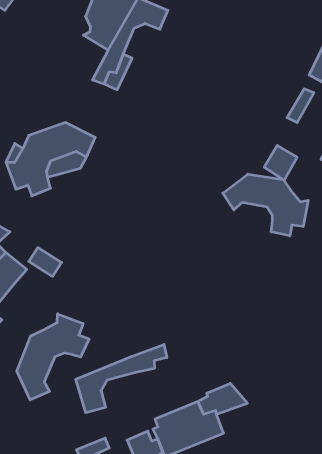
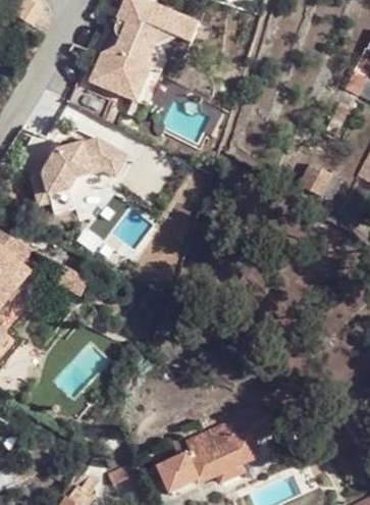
building: none -> [87,49,136,95]
building: [223,174,308,236] -> none
building: [17,314,89,400] -> none
building: [76,344,167,413] -> none

